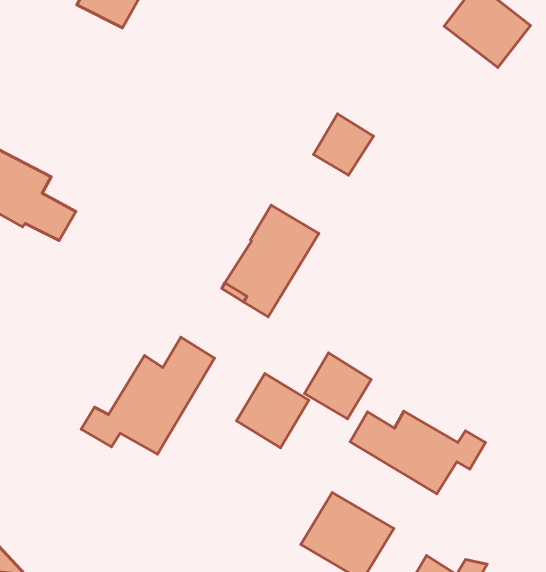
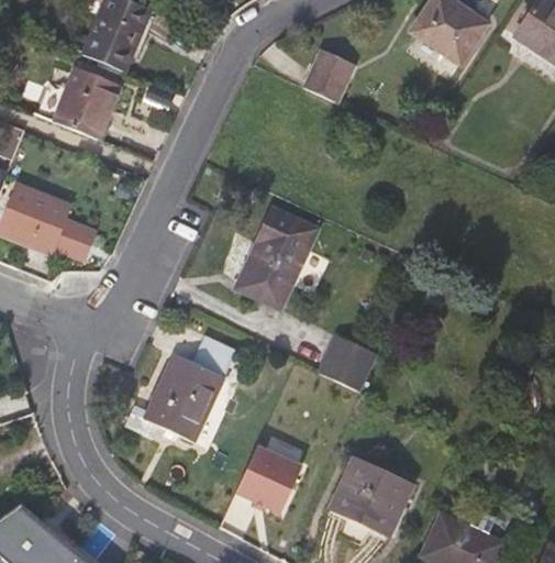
building: none -> [51,68,114,136]
building: [314,114,374,175] -> [306,48,357,102]
building: [237,373,309,448] -> [237,450,300,515]
building: [350,411,485,494] -> none

